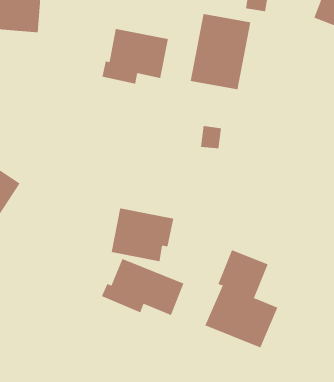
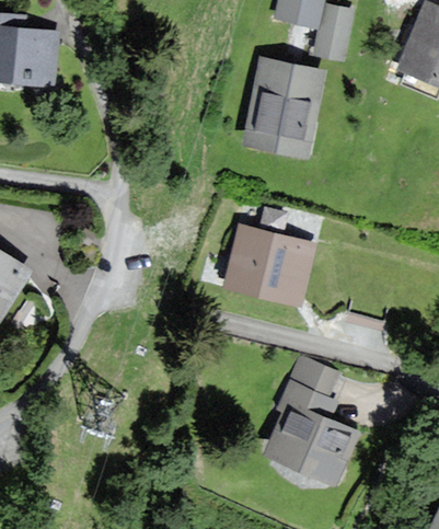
building: [102,28,168,84] -> none
building: [111,208,174,262] -> [228,233,308,301]
building: [101,258,184,316] -> none

